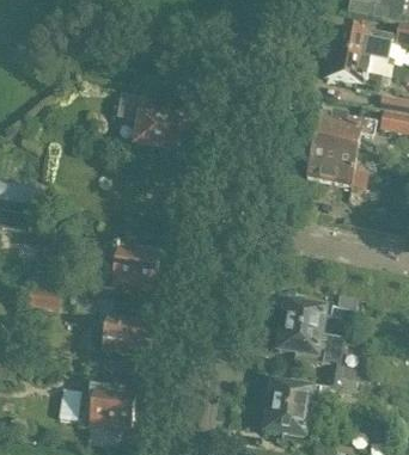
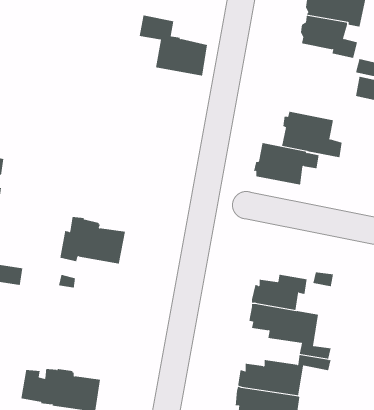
building: [120,94,185,153] -> [139,15,208,76]
building: [313,110,377,150] -> [253,143,320,185]
building: [88,315,148,361] -> none

